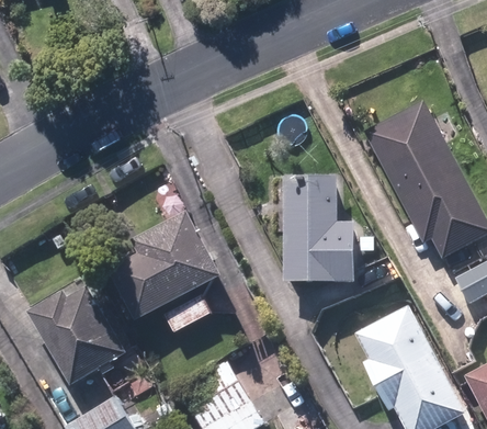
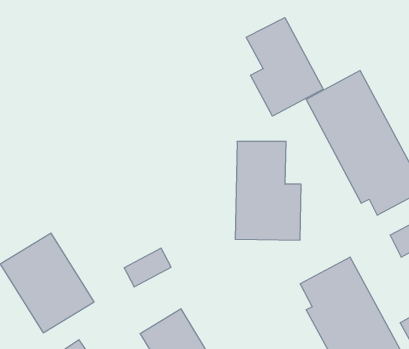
building: none -> [246,18,323,116]
building: [106,208,222,323] -> none

